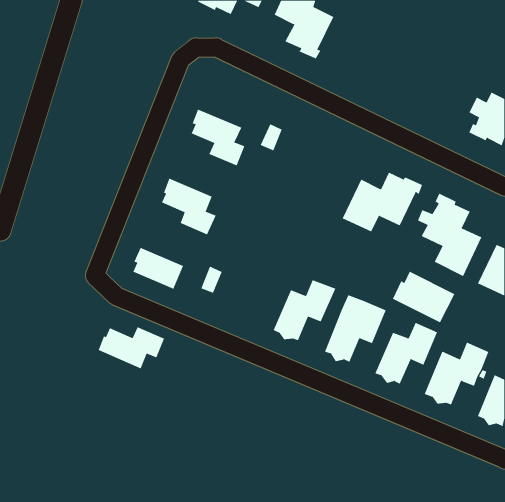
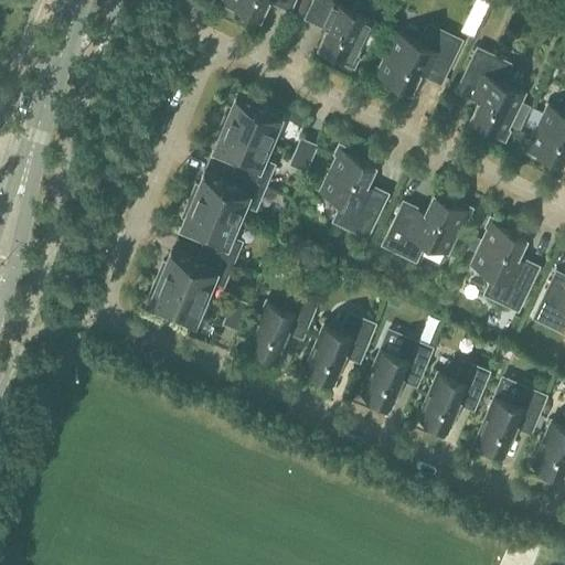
building: none -> [372,26,461,93]
building: none -> [457,50,531,142]
building: none -> [221,99,281,146]
building: none -> [320,146,387,239]
building: none -> [189,175,265,223]
building: none -> [247,291,318,361]
building: [392,271,455,323] -> none
building: [98,327,165,369] -> [157,253,232,300]

